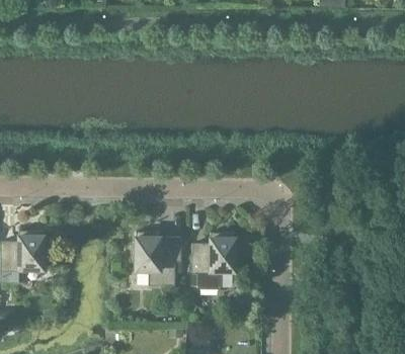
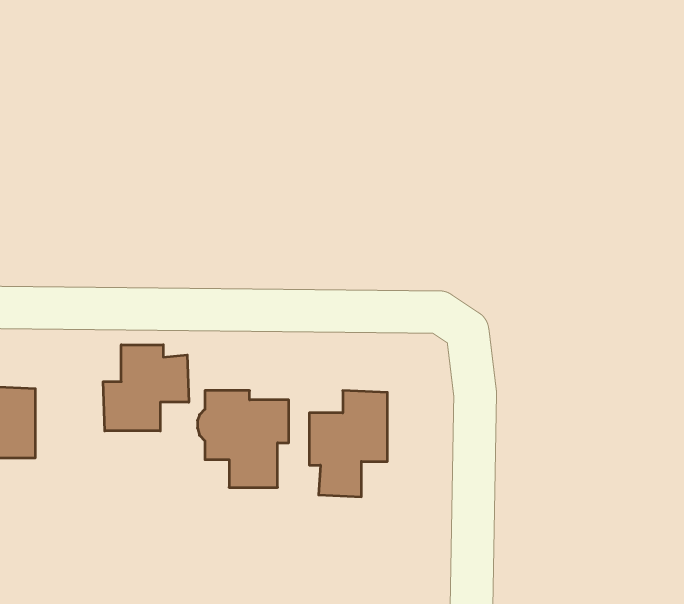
building: none -> [103,345,189,431]

